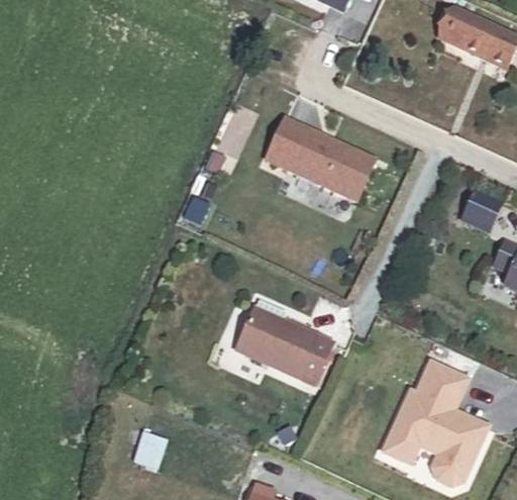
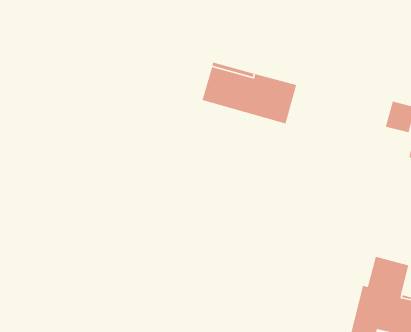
building: [234,298,331,384] -> none

